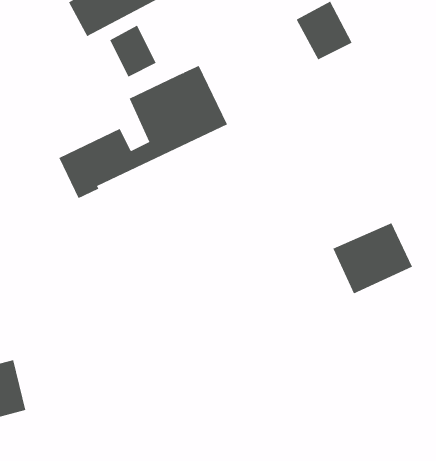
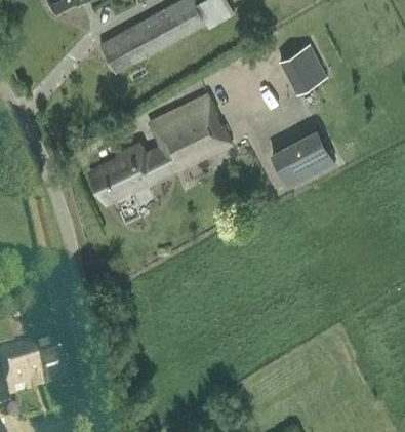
building: [110,25,156,77] -> none
building: [332,222,413,294] -> [280,125,347,185]

